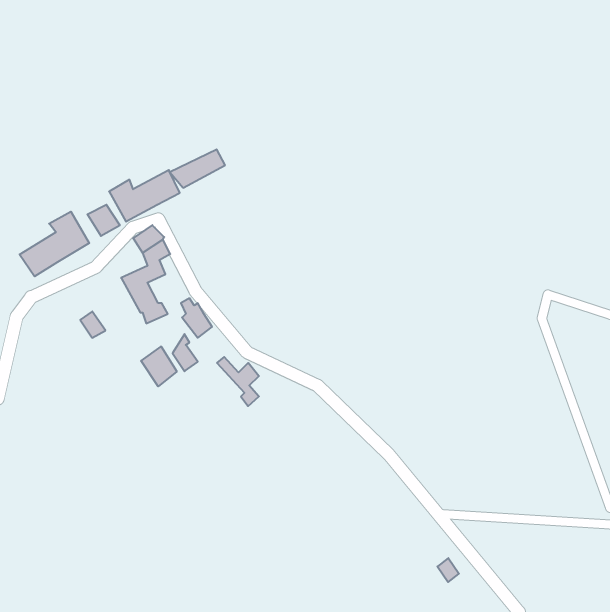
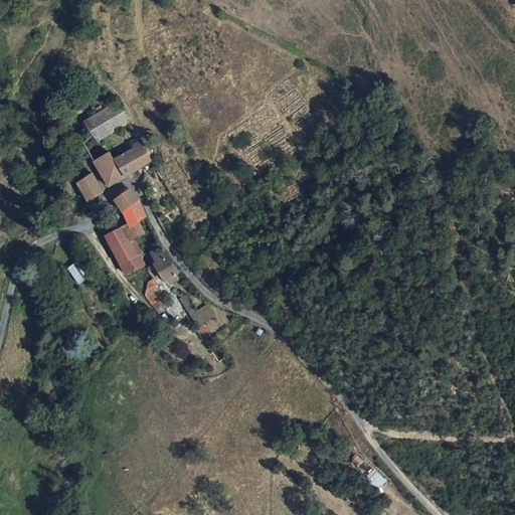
building: [170,149,225,188] -> [80,102,127,134]
building: [20,212,89,276] -> none
building: [141,346,177,386] -> none

